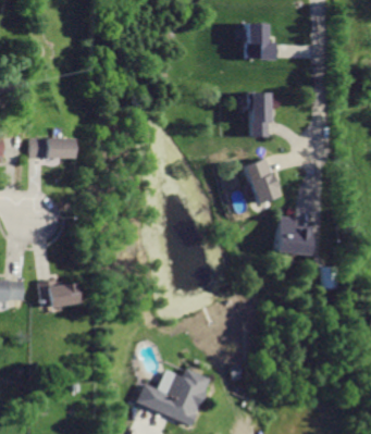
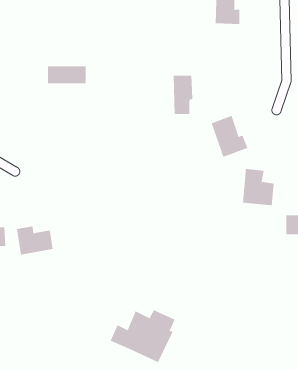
building: [250,94,272,136] -> [173,75,193,114]
building: [24,137,66,157] -> [47,66,87,84]

